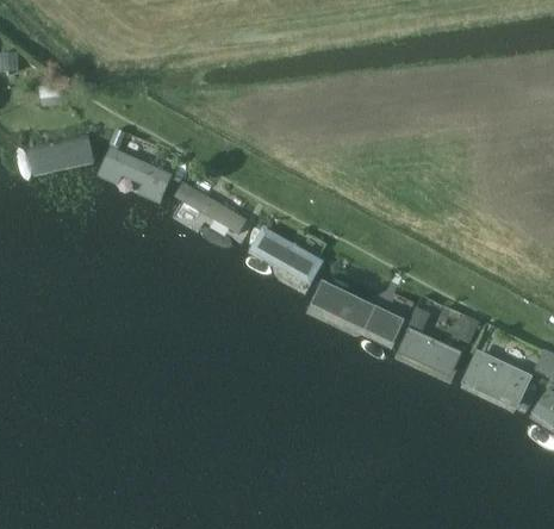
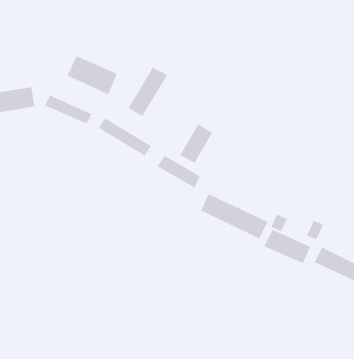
building: none -> [66,55,118,95]
building: none -> [128,66,168,117]
building: none -> [179,124,213,164]

